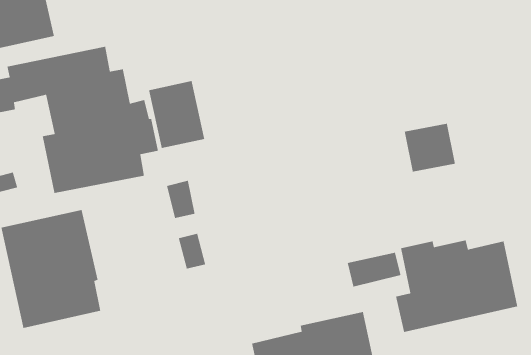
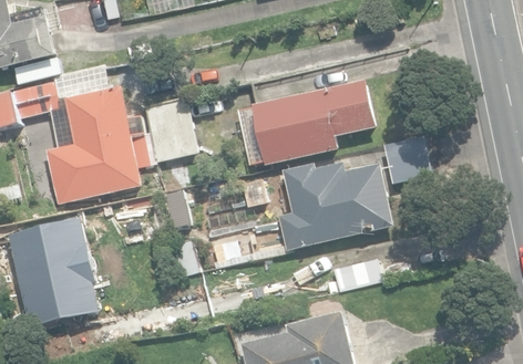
building: none -> [236,79,375,167]
building: [395,239,518,333] -> [277,163,392,250]

